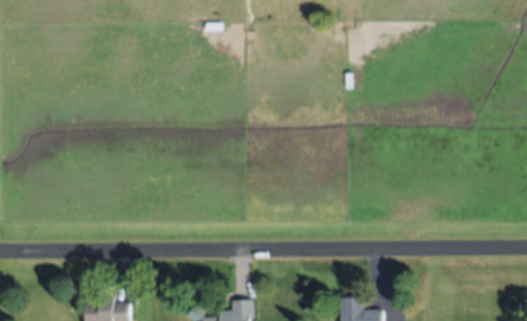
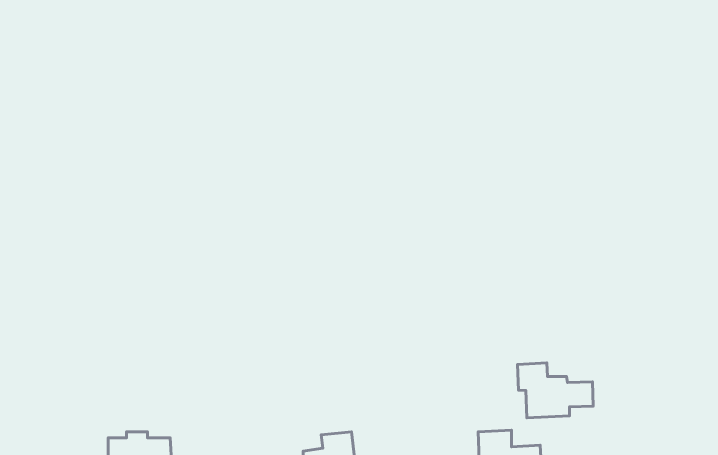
building: none -> [518,363,593,418]

